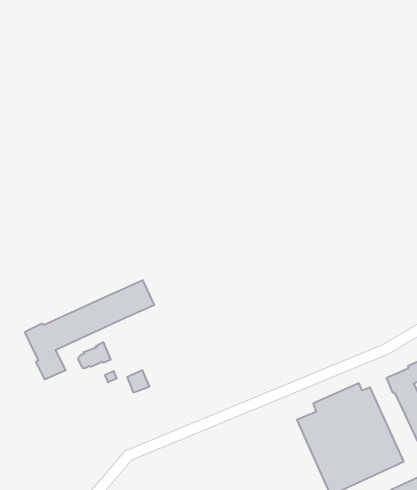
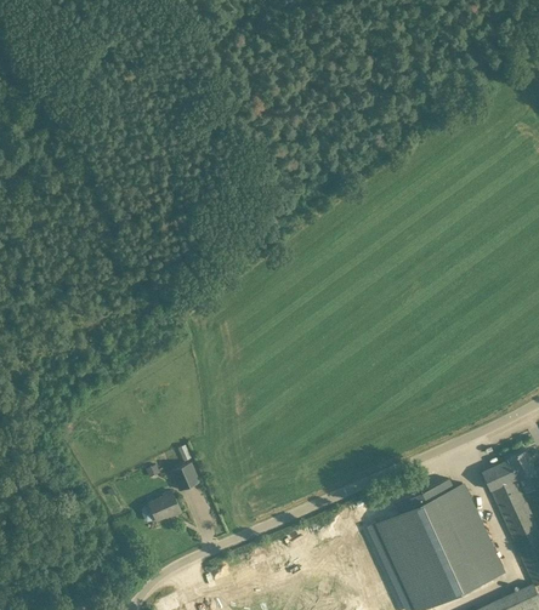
building: [25,280,154,379] -> none
building: [78,342,111,368] -> [143,492,182,523]

